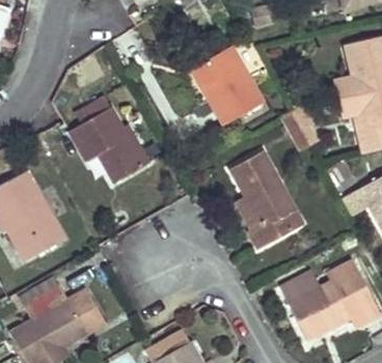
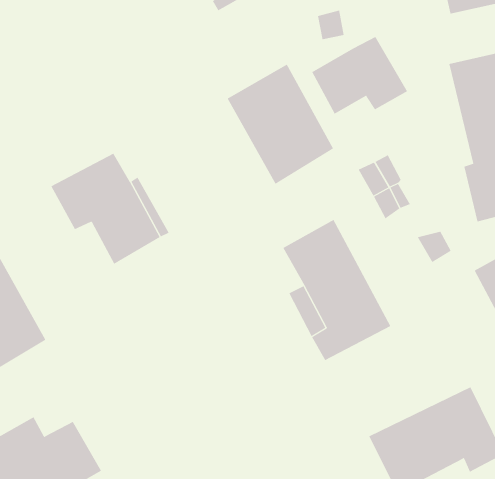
building: none -> [311,36,408,115]

